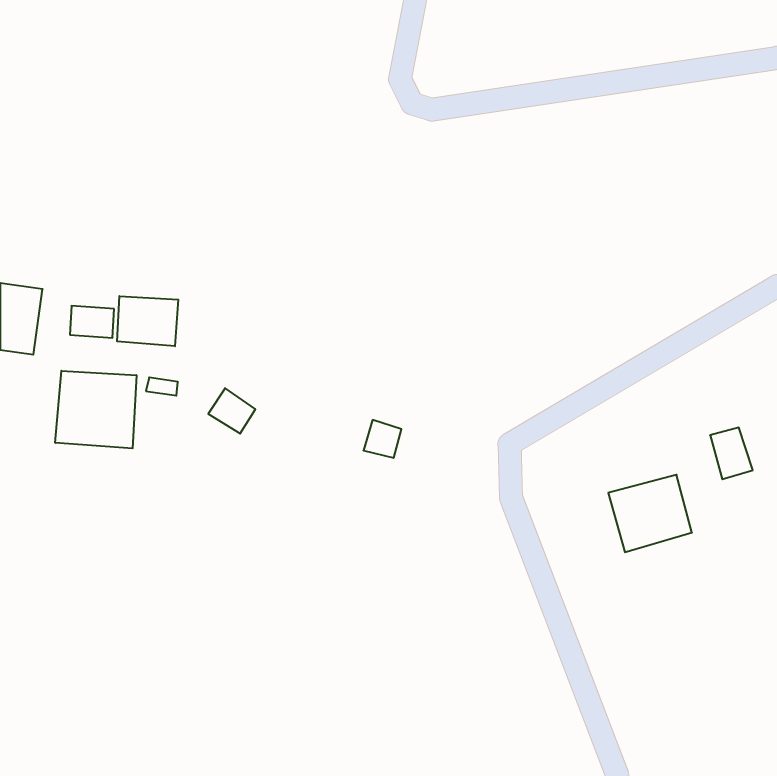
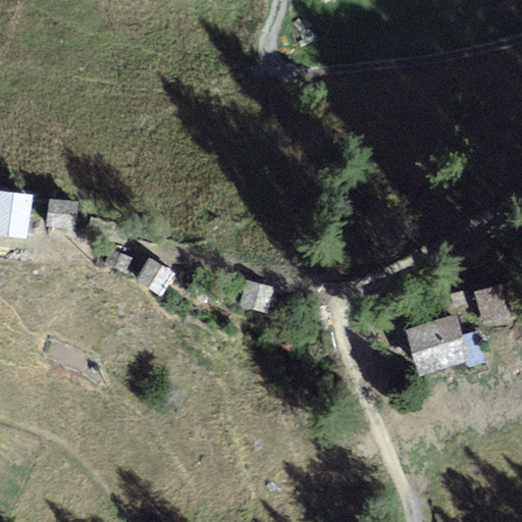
building: [117,296,178,346] -> none
building: [55,371,136,448] -> none

